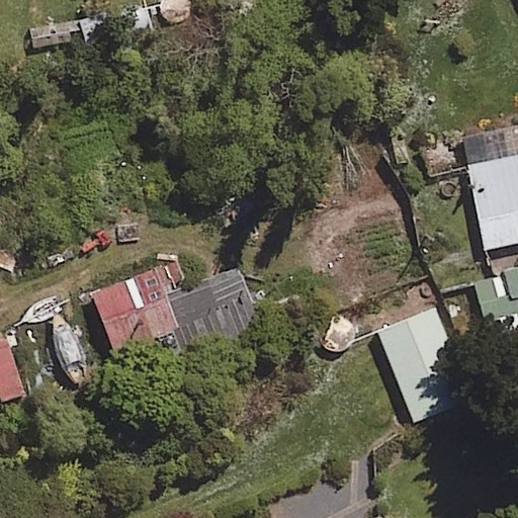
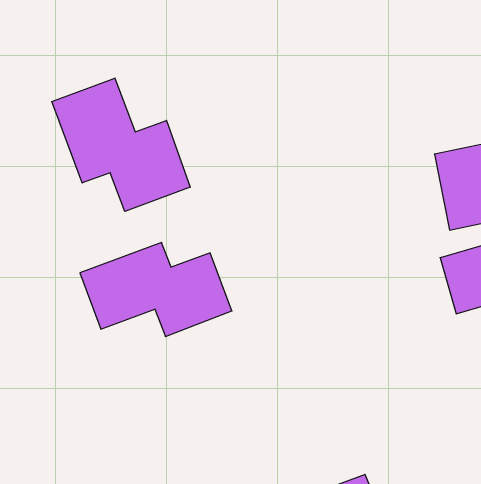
building: none -> [52,78,190,211]
building: [378,309,472,420] -> none

